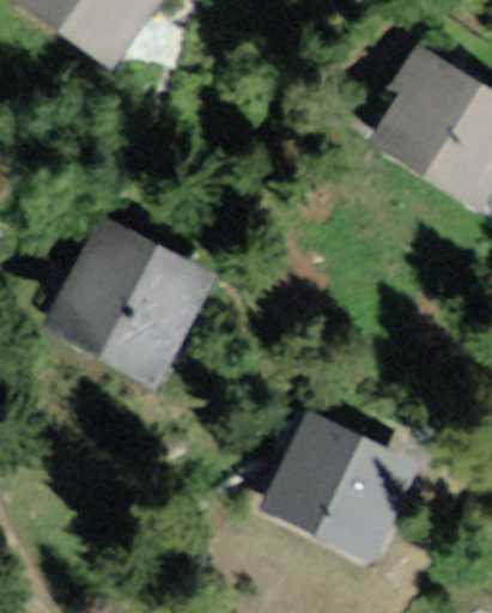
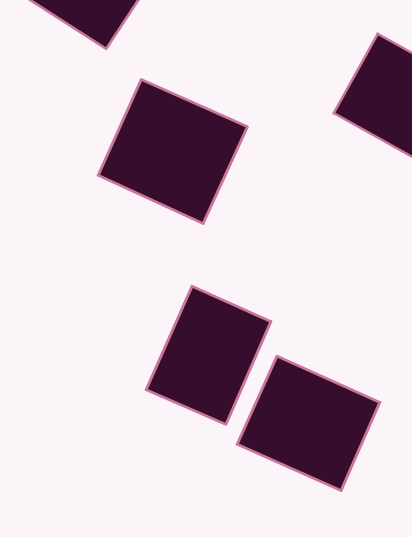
building: [51,223,218,383] -> [98,80,247,224]
building: none -> [146,286,271,424]

